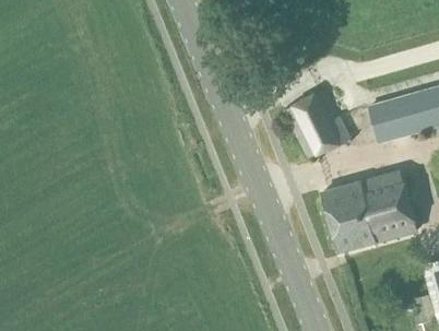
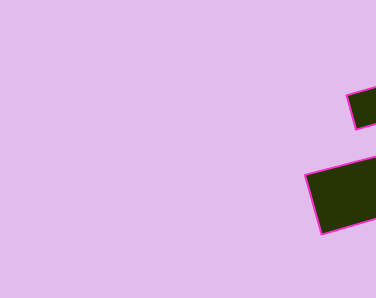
building: [284,88,348,159] -> none

